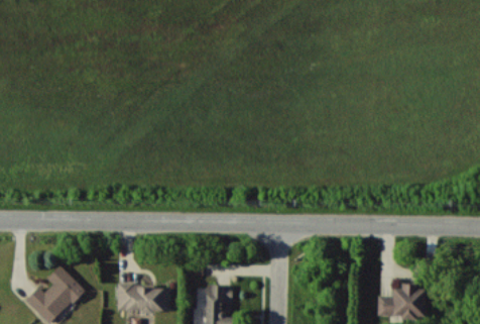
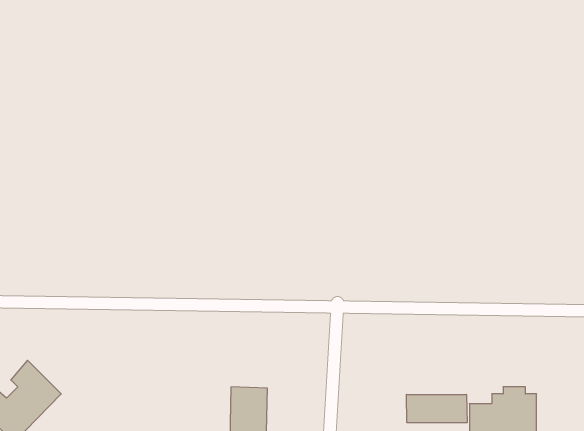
building: [117,287,170,312] -> none
building: none -> [406,394,467,423]

